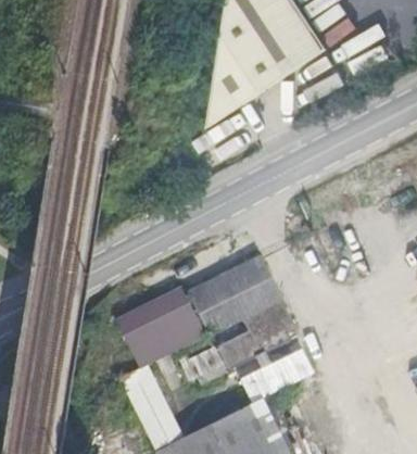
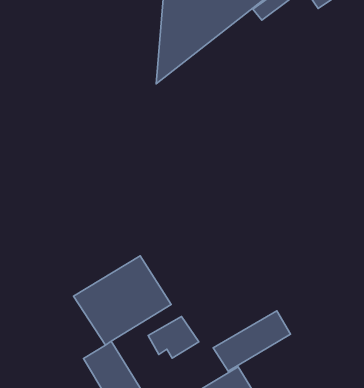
building: [187,255,295,370] -> none

